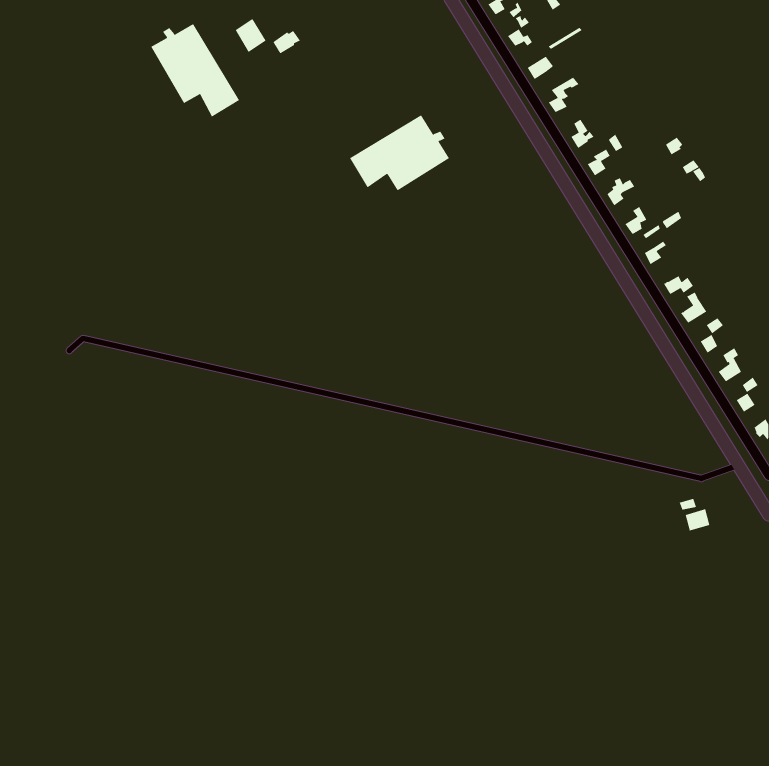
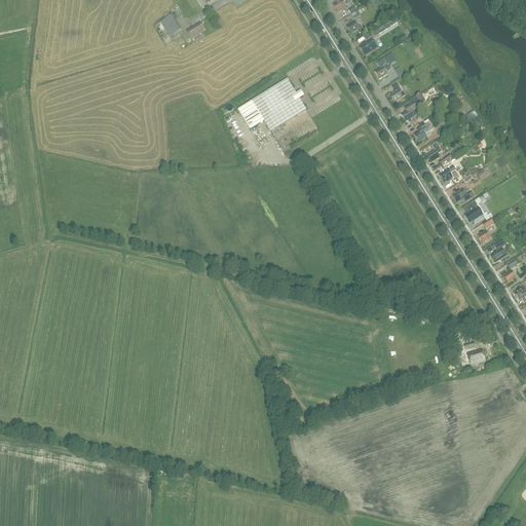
building: [150,23,240,117] -> none

